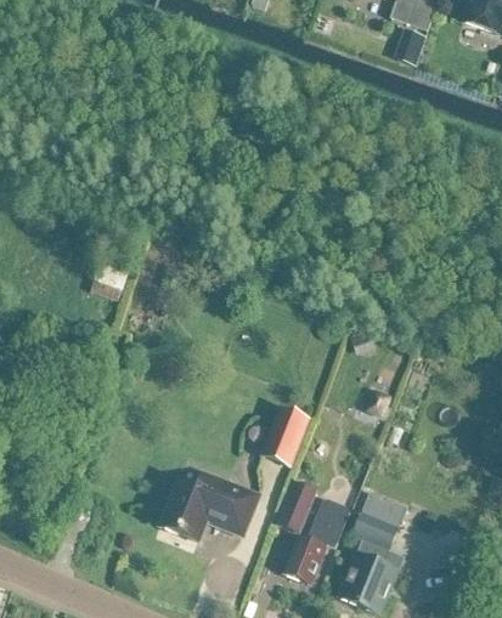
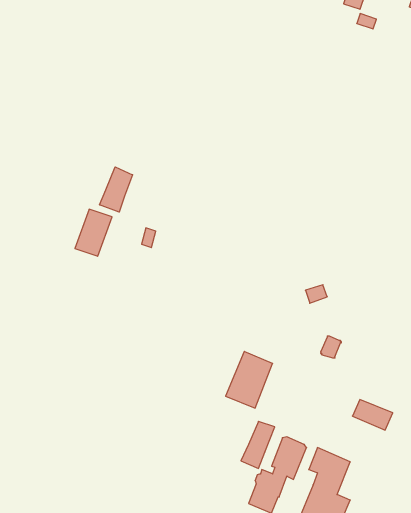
building: none -> [100,167,133,212]
building: [163,472,258,539] -> none
building: [362,493,407,527] -> [352,400,393,430]

